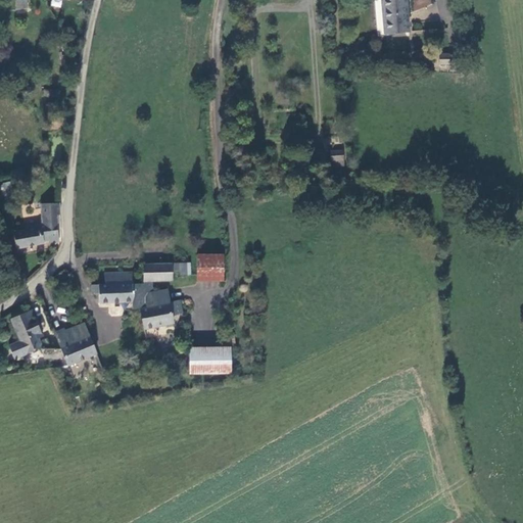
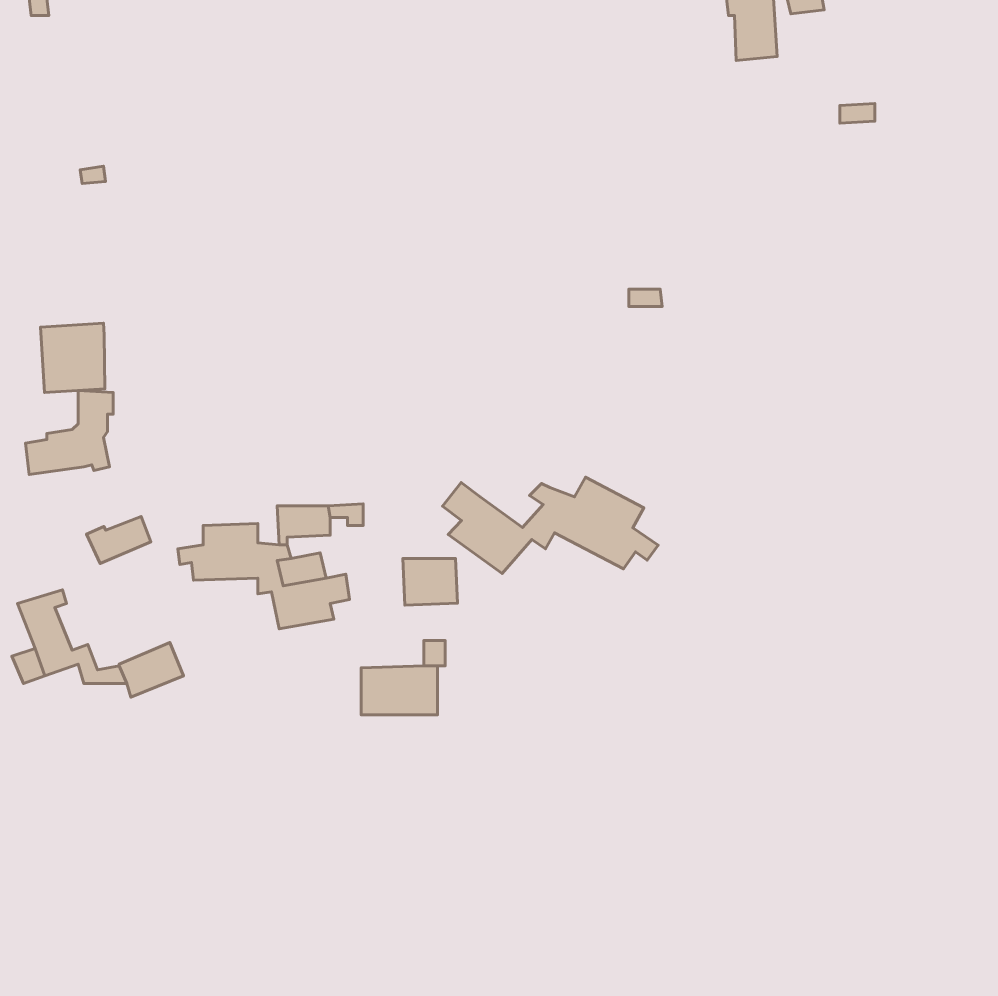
building: none -> [41,323,105,393]
building: none -> [442,477,658,573]
building: [195,257,224,282] -> [403,558,457,605]
building: [55,323,89,347] -> [86,517,151,563]

